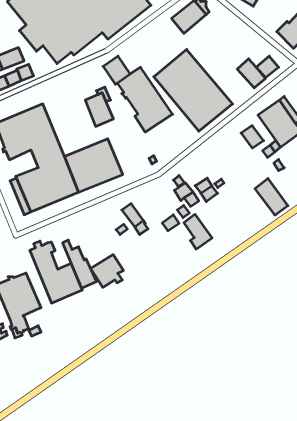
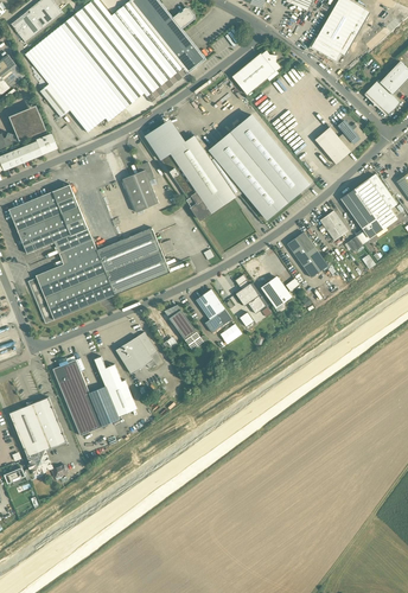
building: [255,178,288,215] -> [286,231,327,278]
building: [184,214,212,249] -> [196,289,231,333]
building: [91,255,123,287] -> [115,332,157,374]

